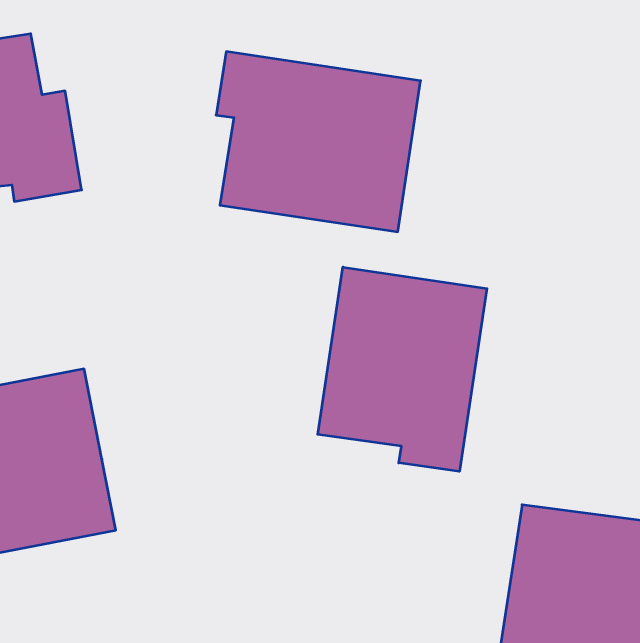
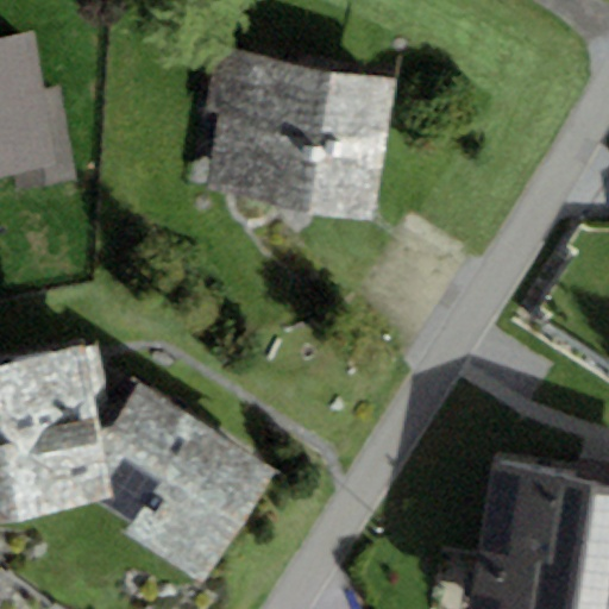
building: [318,267,487,471] -> none
building: none -> [98,387,277,586]

